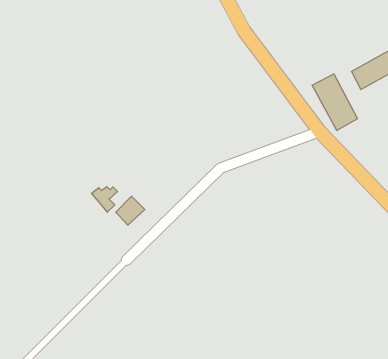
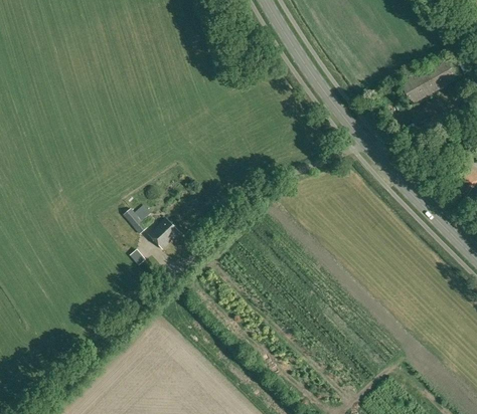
building: [312,74,358,131] -> none

